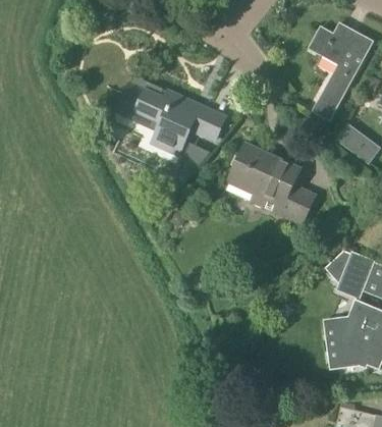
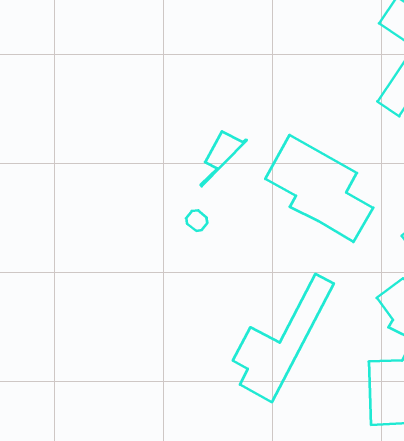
building: [135,91,225,154] -> none
building: none -> [233,274,334,402]

